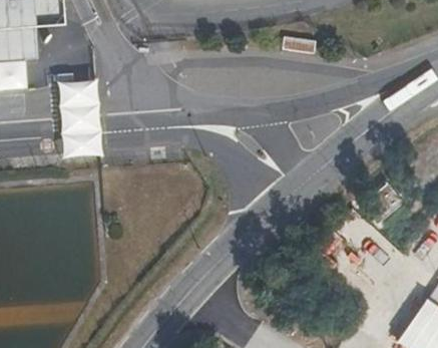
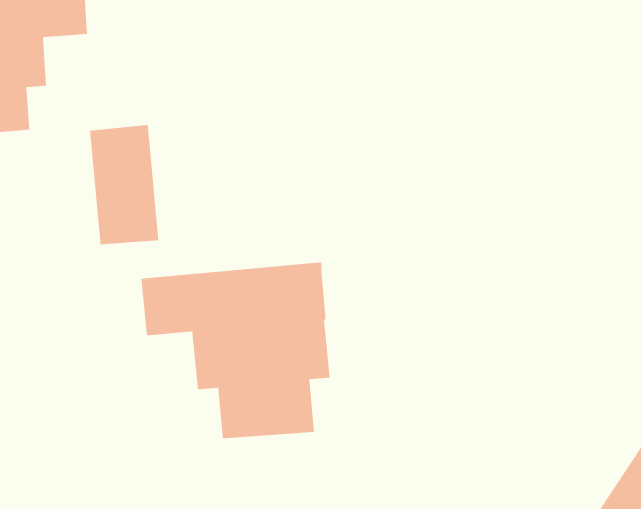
building: none -> [141,262,330,439]

